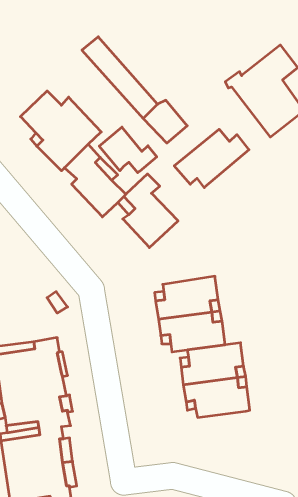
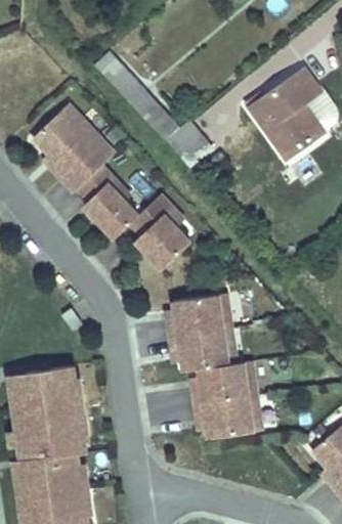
building: [99,127,157,173] -> none
building: [174,129,249,188] -> none

